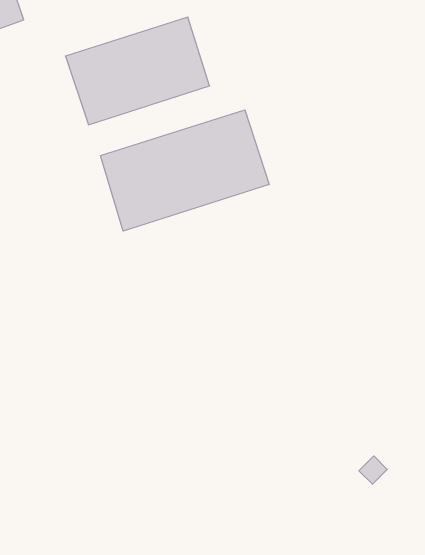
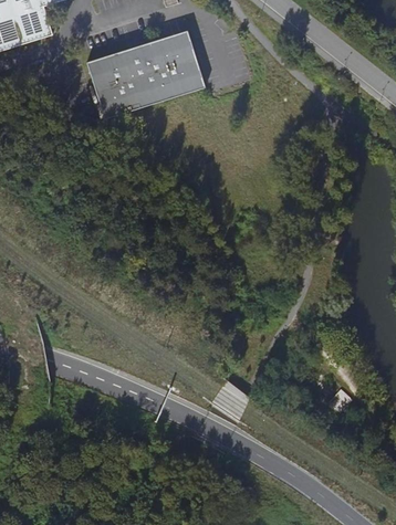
building: [100,110,269,231] -> none

